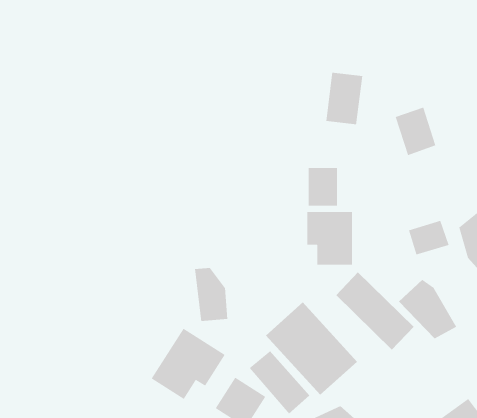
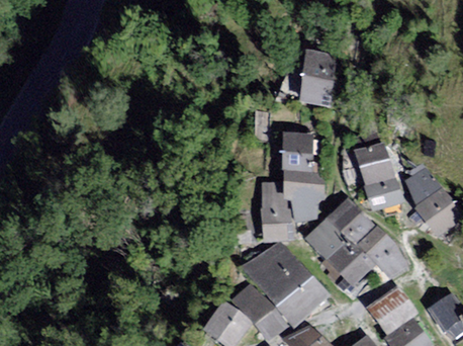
building: [395,107,436,156] -> [354,143,387,182]
building: none -> [328,199,369,240]
building: [194,268,228,322] -> [260,193,287,237]
building: [151,328,226,400] -> none
building: none -> [368,287,411,330]

